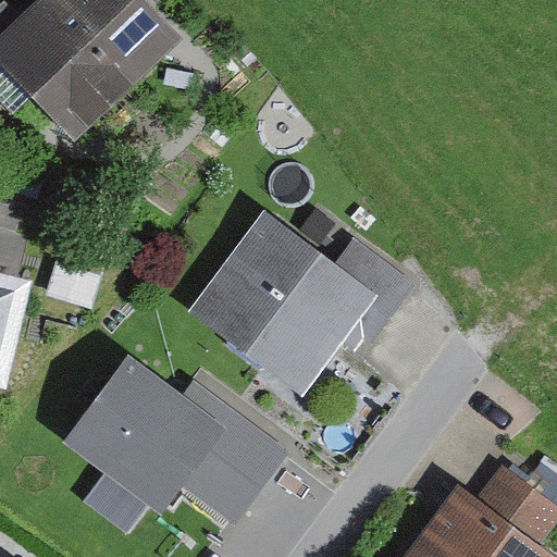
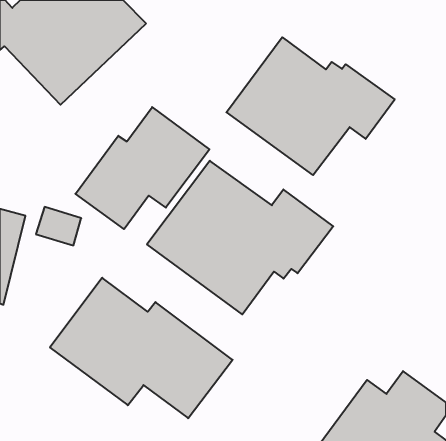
building: none -> [226,37,395,175]
building: none -> [75,107,209,229]

